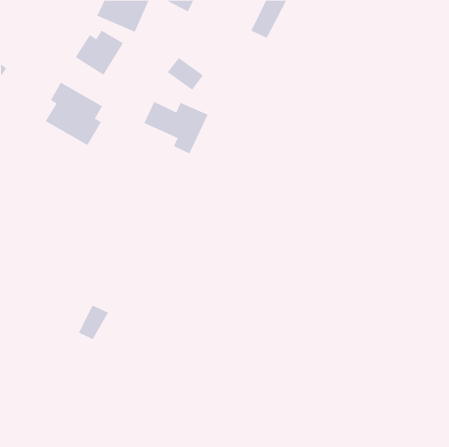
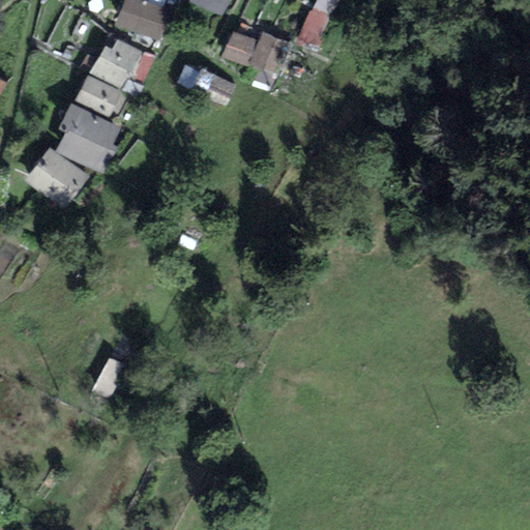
building: none -> [73,72,120,114]
building: [143,101,208,154] -> [218,28,295,90]
building: none -> [24,144,88,206]

